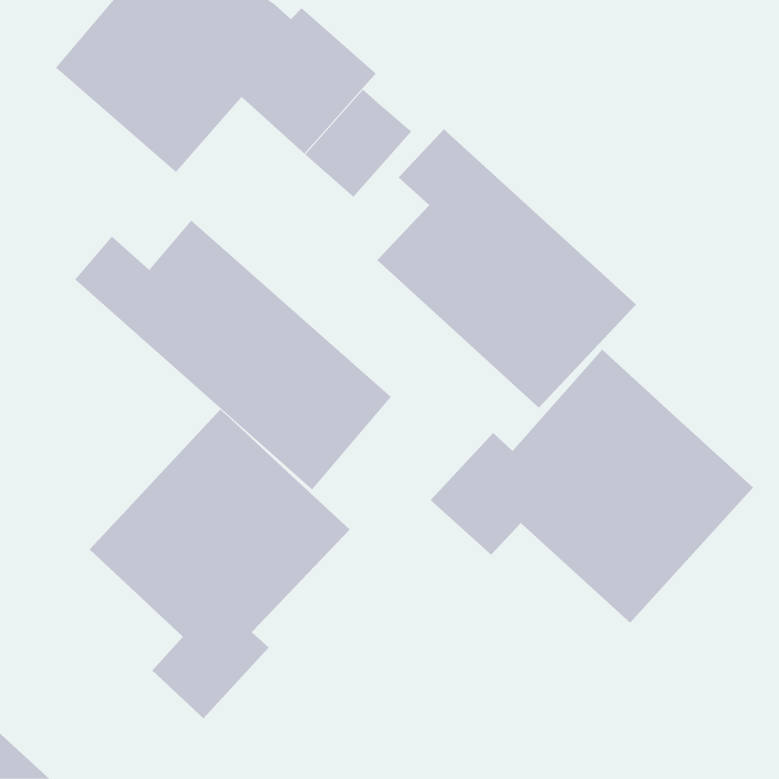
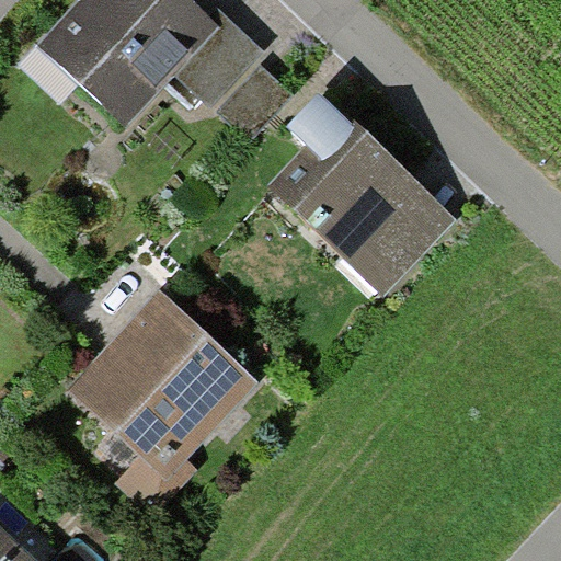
building: [75,220,391,490] -> none
building: [430,349,754,624] -> none

